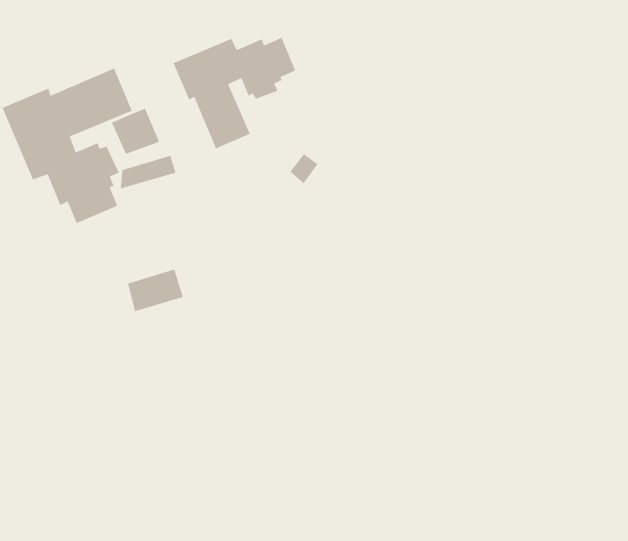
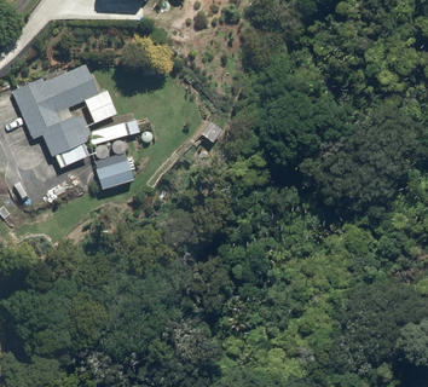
building: [173,37,296,149] -> none
building: [127,268,184,312] -> [96,160,133,189]

